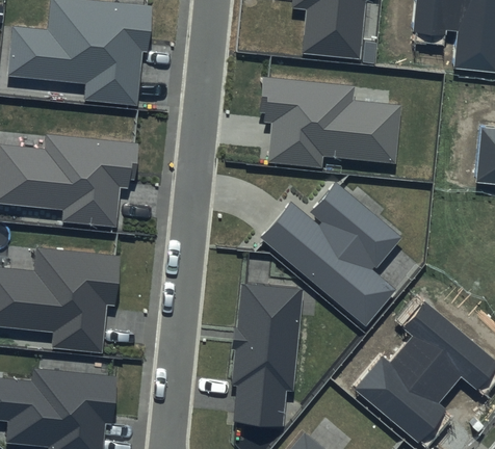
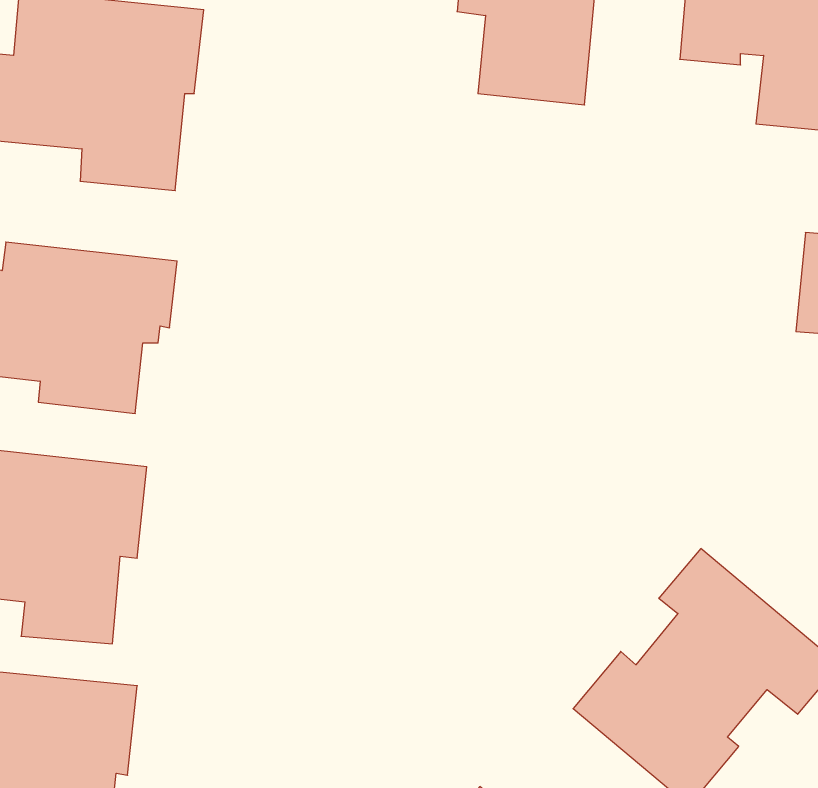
building: [259,77,400,167] -> none
building: [261,182,400,323] -> none
building: [231,284,303,426] -> none

